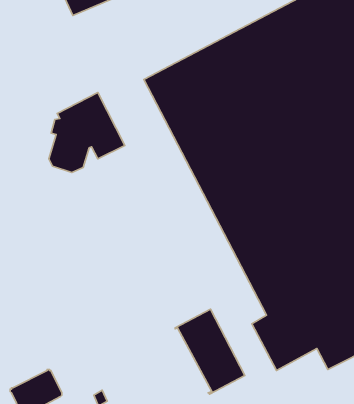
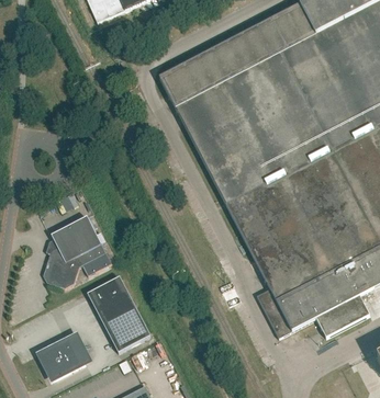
building: [49,93,125,172] -> [43,215,111,286]
building: [175,309,245,394] -> [87,275,149,351]

